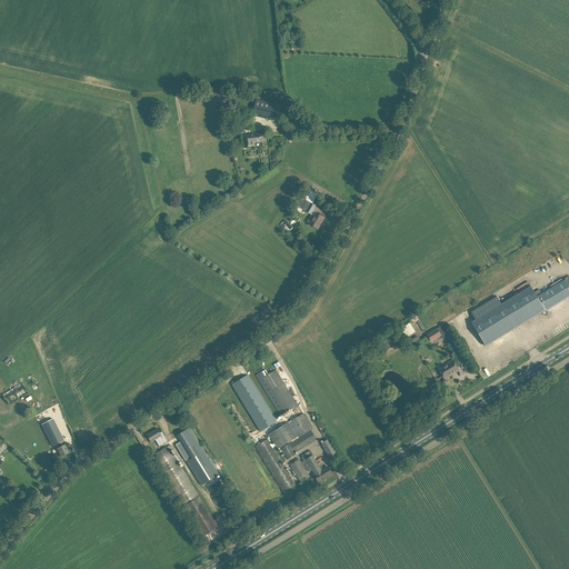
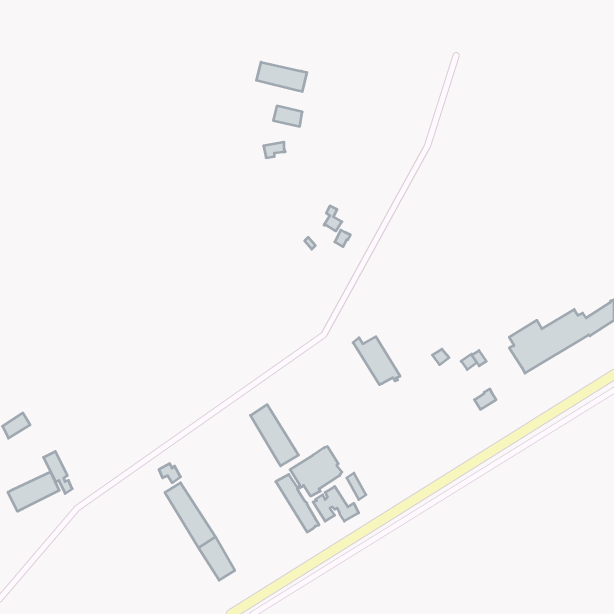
building: none -> [256,62,307,92]
building: [254,369,298,413] -> [353,337,400,385]
building: [177,427,219,485] -> none
building: none -> [8,472,59,511]

